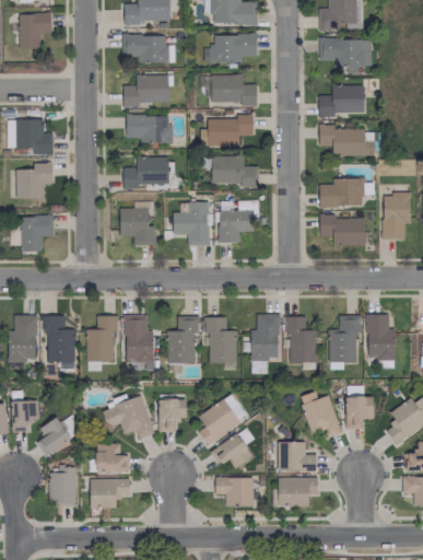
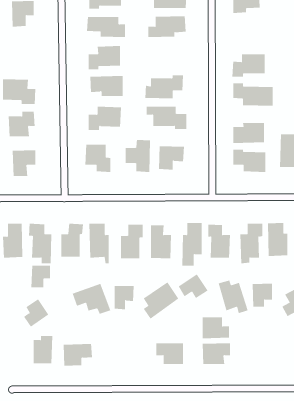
building: [319,38,372,73] -> none
building: [211,74,257,106] -> none
building: [11,400,38,431] -> [31,265,51,288]
building: [211,434,252,468] -> [178,274,208,299]
building: [96,443,127,472] -> none

